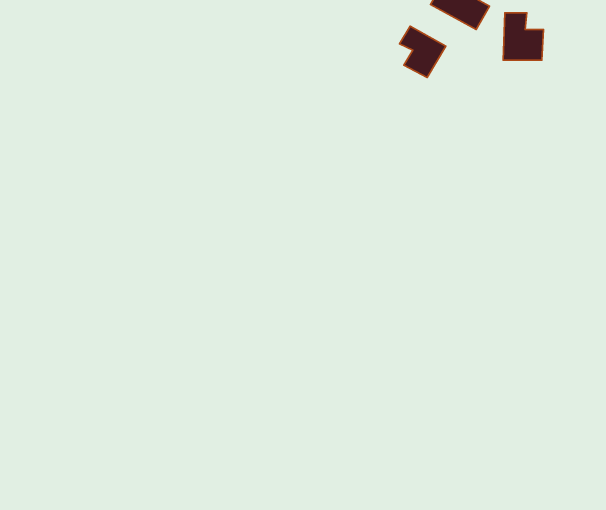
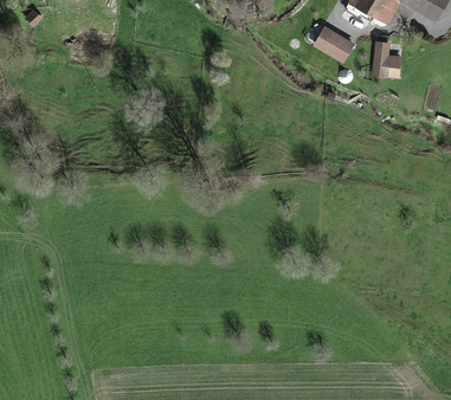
building: [400,26,446,77] -> none

